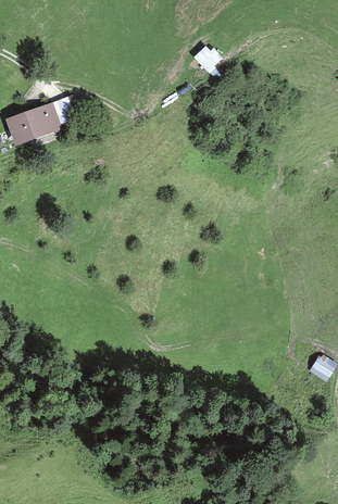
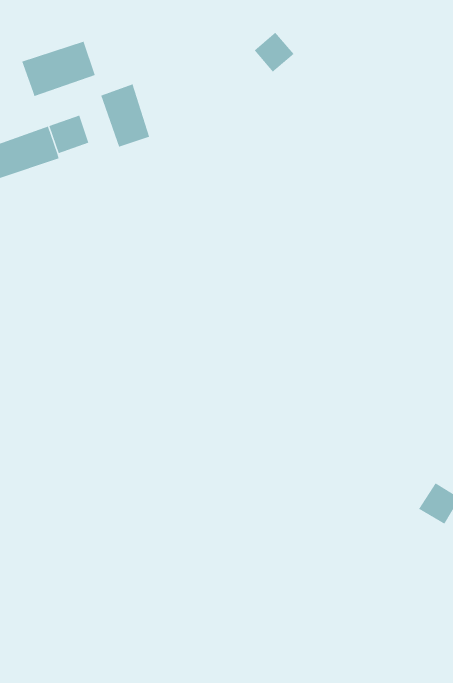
building: none -> [22,41,95,97]
building: none -> [100,84,150,147]

